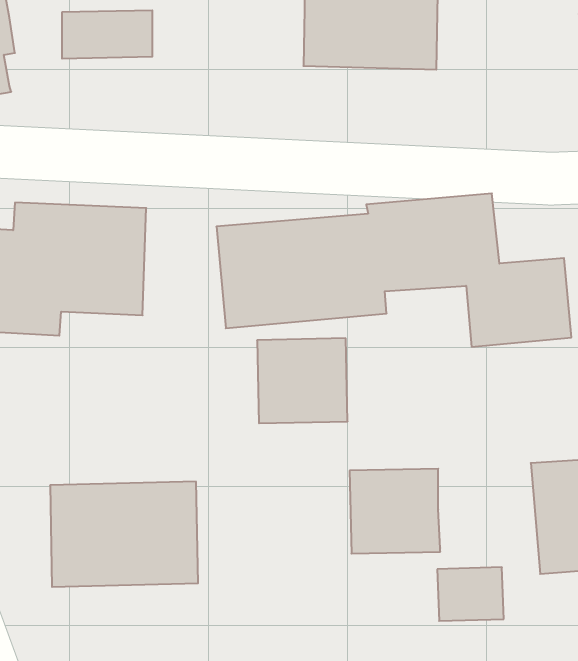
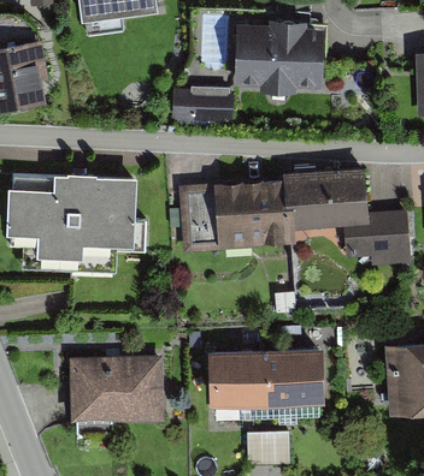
building: [62,10,152,59] -> [176,90,235,121]
building: [257,338,348,423] -> [208,349,267,404]
building: [437,567,504,621] -> [247,432,290,466]

